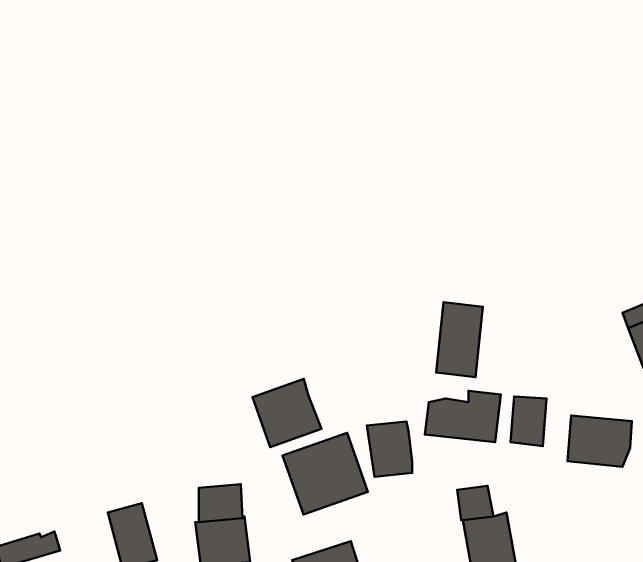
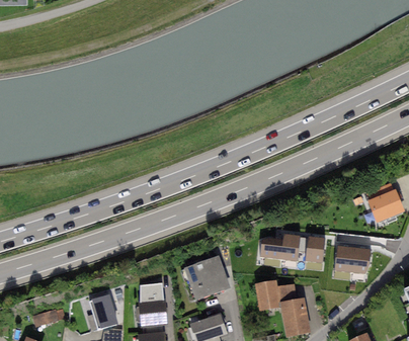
building: [436,302,483,377] -> none
building: [252,379,322,447] -> none
building: [367,422,412,477] -> [254,281,278,311]

